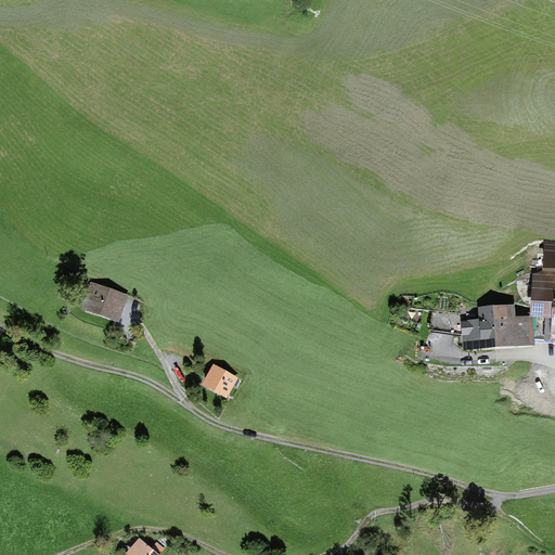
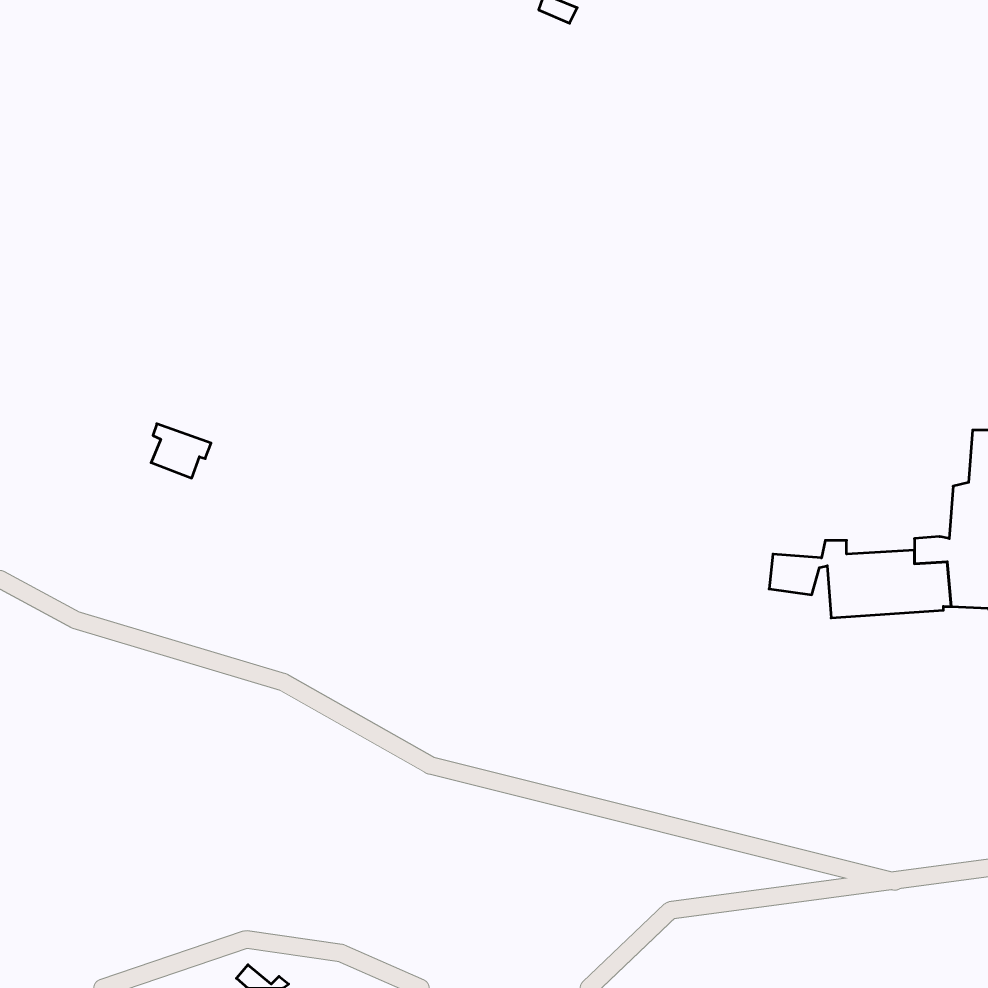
building: [92,285,126,315] -> [151,424,211,478]
building: [207,366,236,395] -> none

